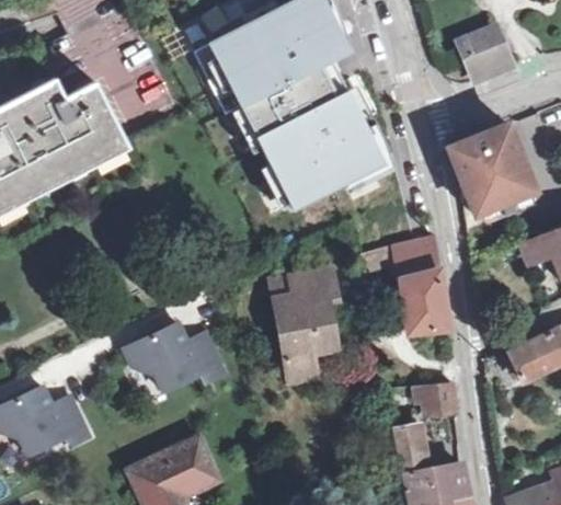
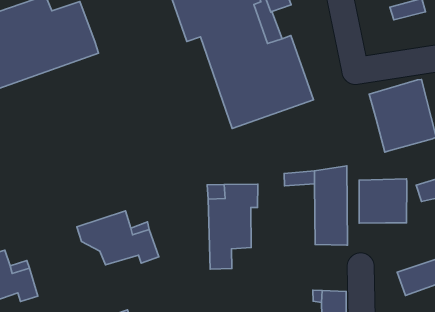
building: [467,43,513,80] -> none
building: none -> [359,179,407,223]

